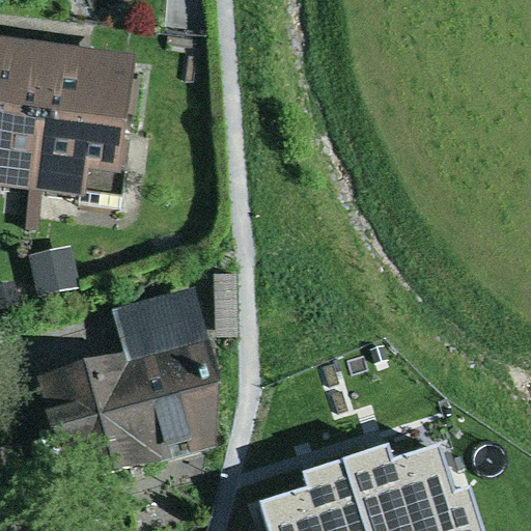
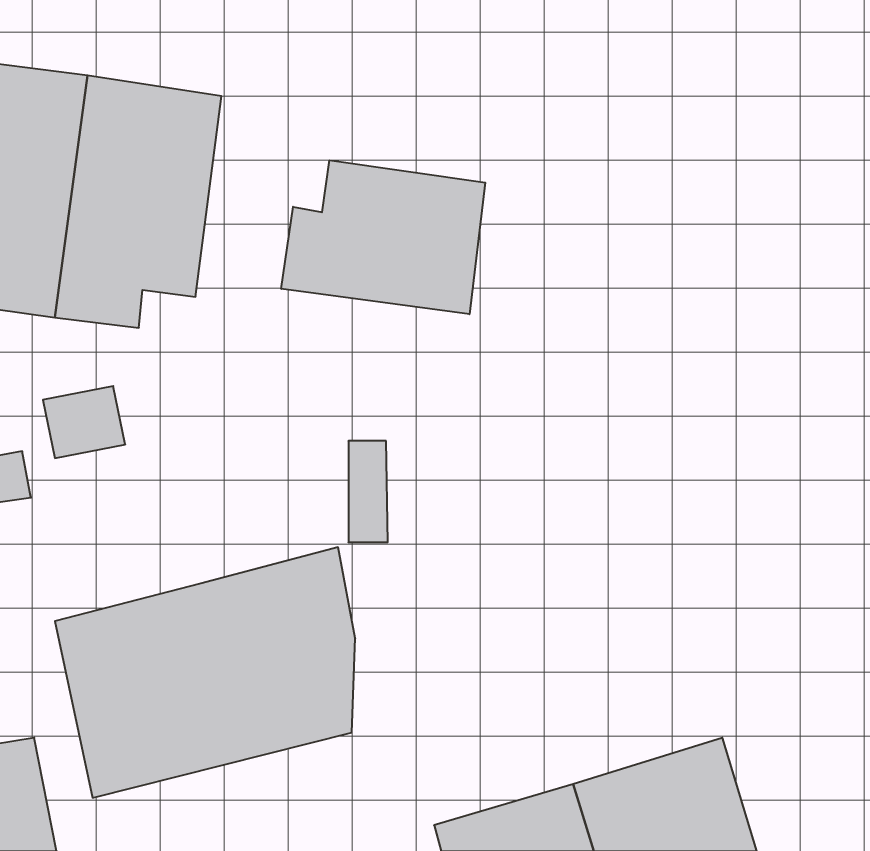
building: none -> [281,160,485,314]
building: [108,281,204,353] -> none

